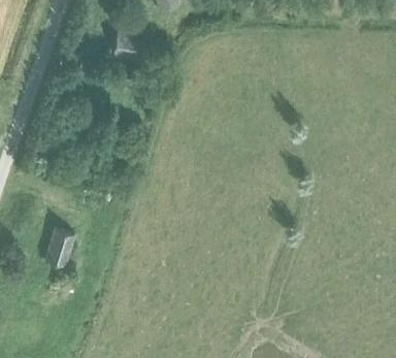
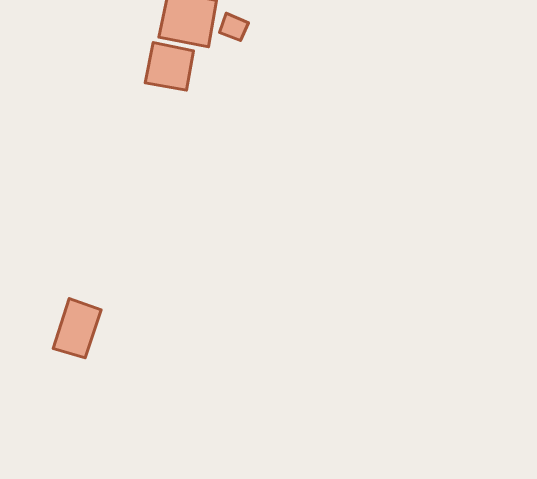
building: none -> [145,43,194,90]

